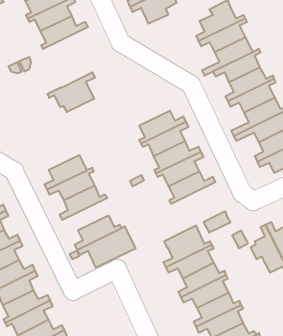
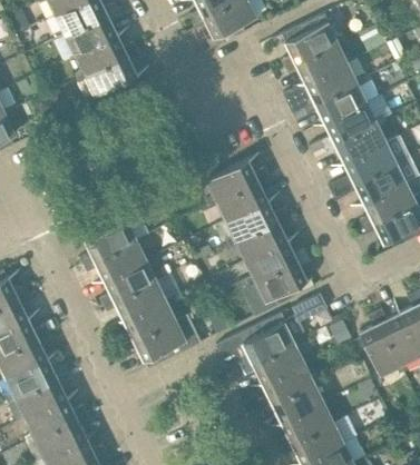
building: [47,72,95,112] -> [78,50,141,102]
building: none -> [248,256,316,303]
building: none -> [104,277,166,320]

